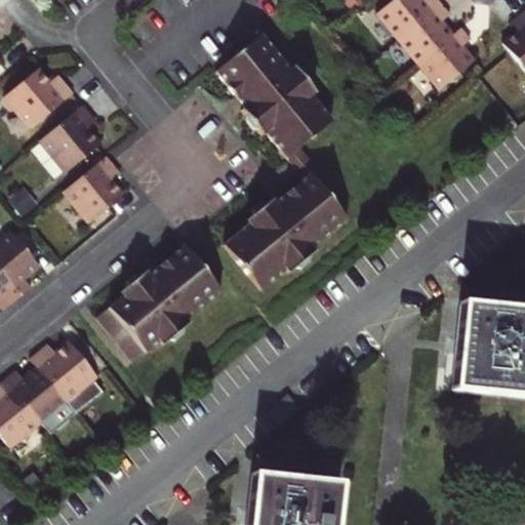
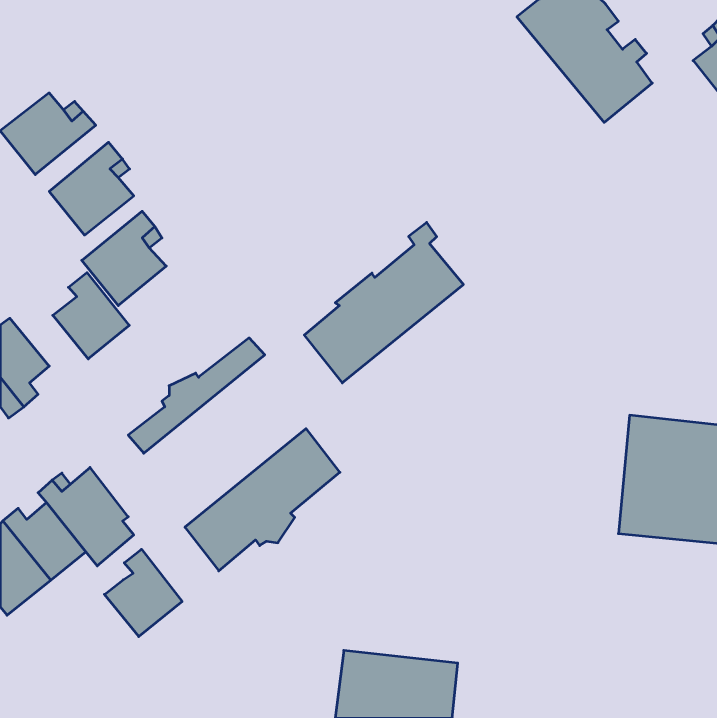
building: [216,33,332,172] -> none
building: none -> [53,273,129,359]
building: [251,207,349,289] -> none
building: [107,258,219,362] -> [185,429,340,571]
building: none -> [104,549,182,637]

